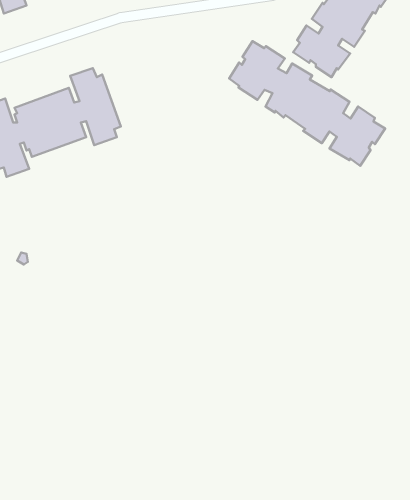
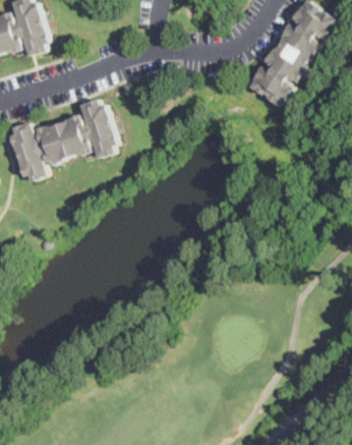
building: [229,41,385,166] -> none

